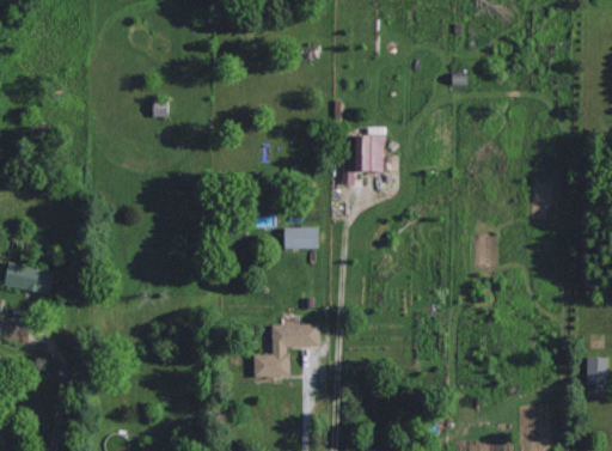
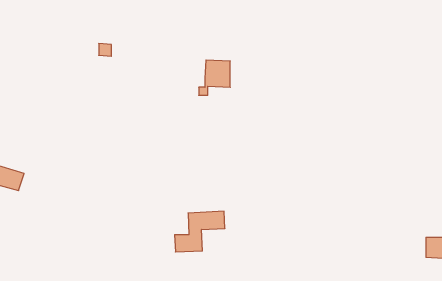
building: [343,135,385,182] -> [199,60,230,95]
building: [281,226,322,249] -> none

